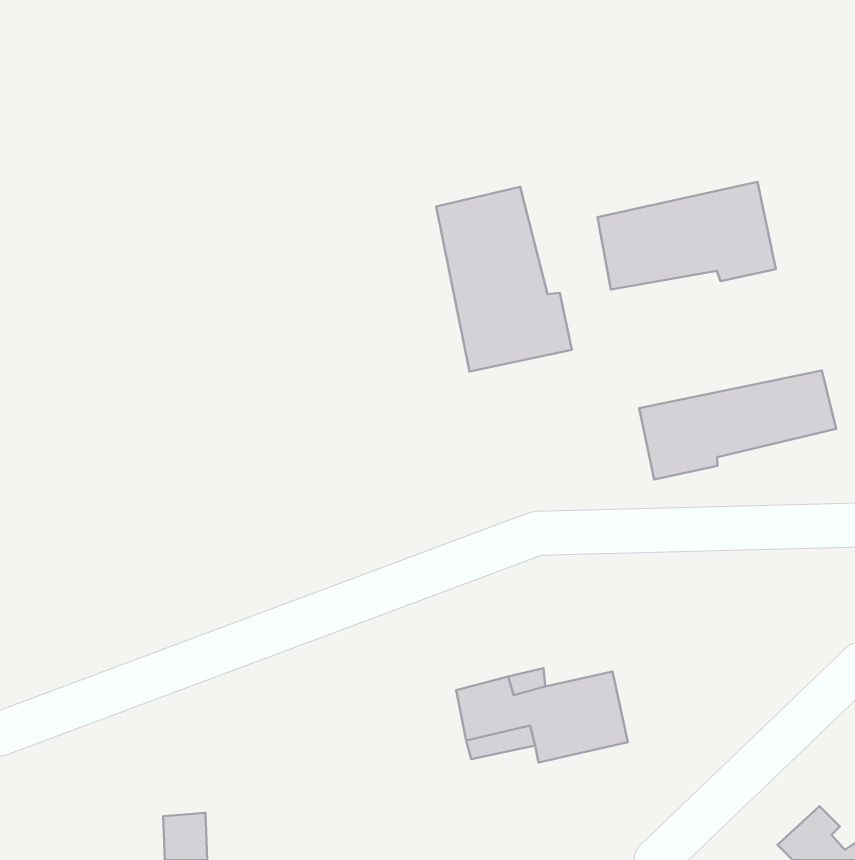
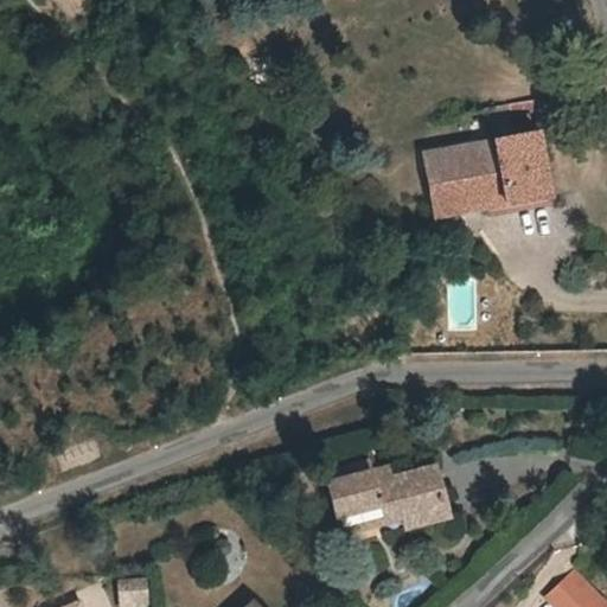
building: [436,187,572,372] -> none
building: [639,371,836,479] -> none

